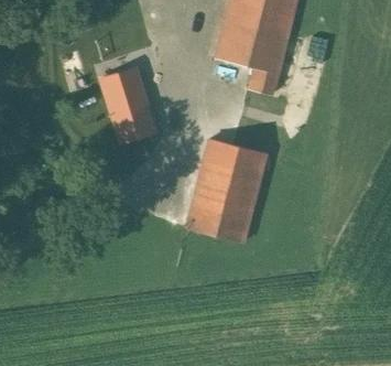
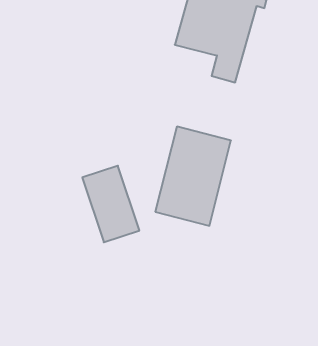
building: [98,64,156,142] -> [82,166,139,242]

